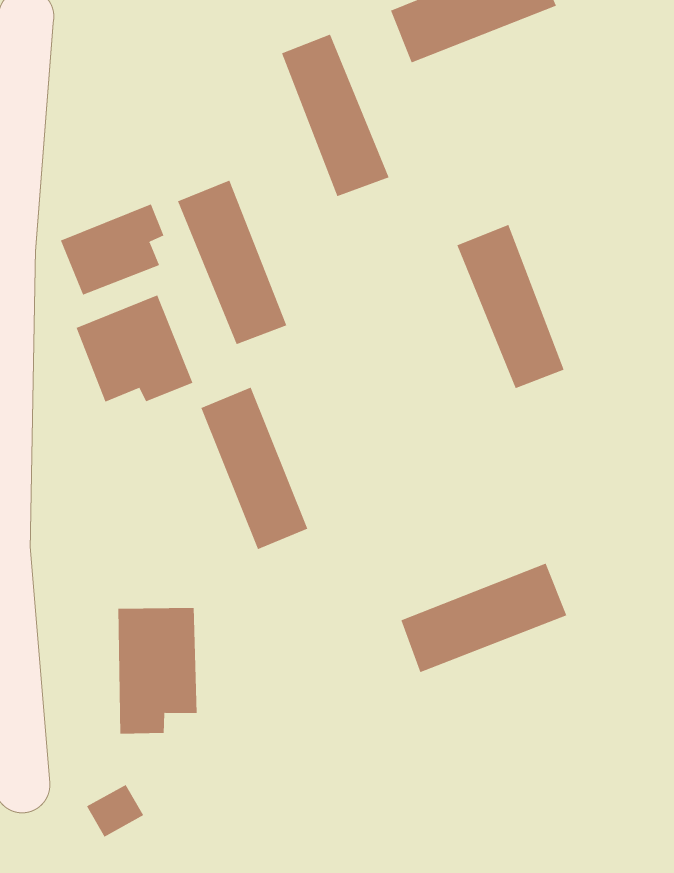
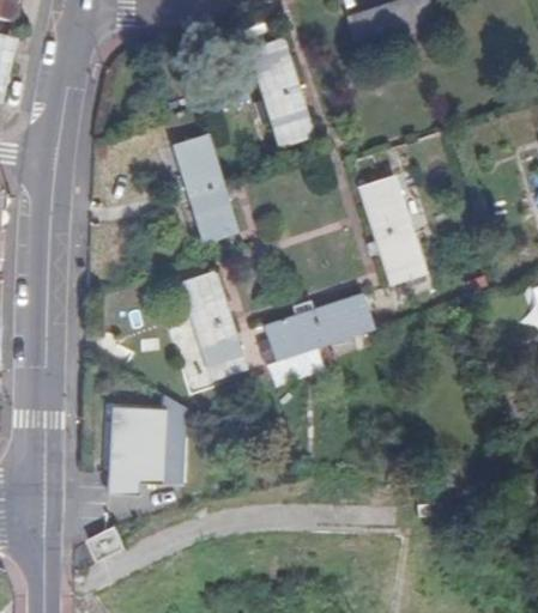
building: [60,204,164,296] -> none
building: [76,294,193,403] -> none
building: [400,563,567,673] -> [260,291,371,359]

